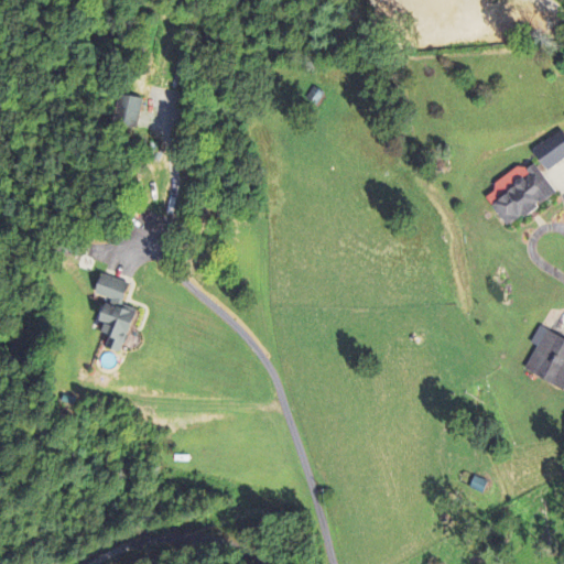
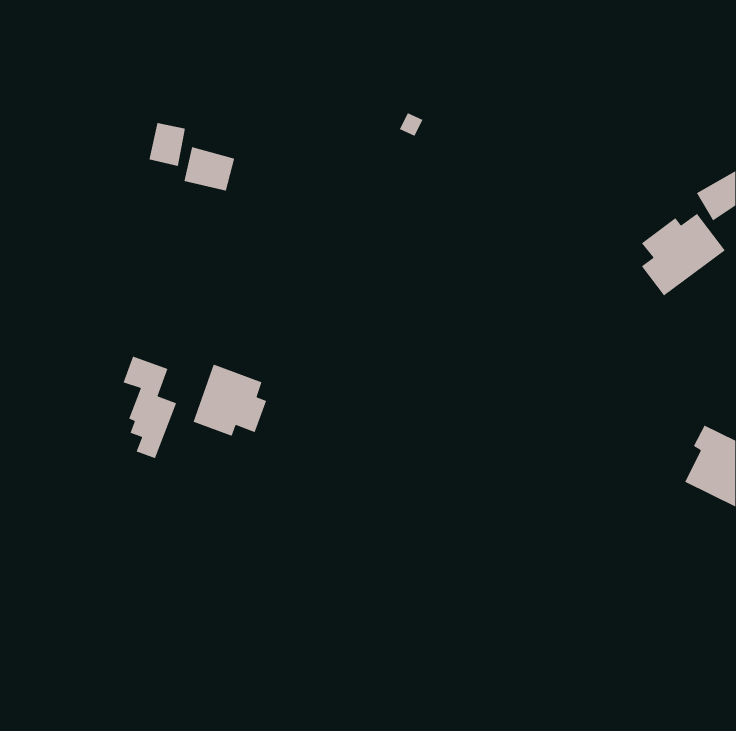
building: none -> [183,146,235,192]
building: none -> [193,364,267,437]

